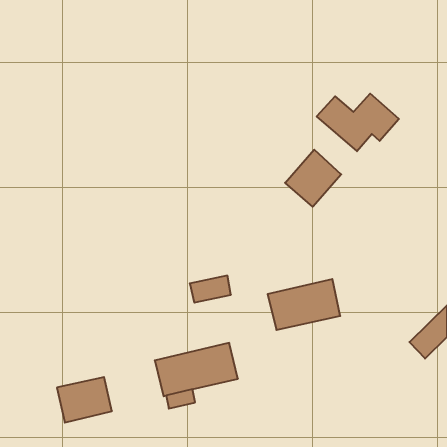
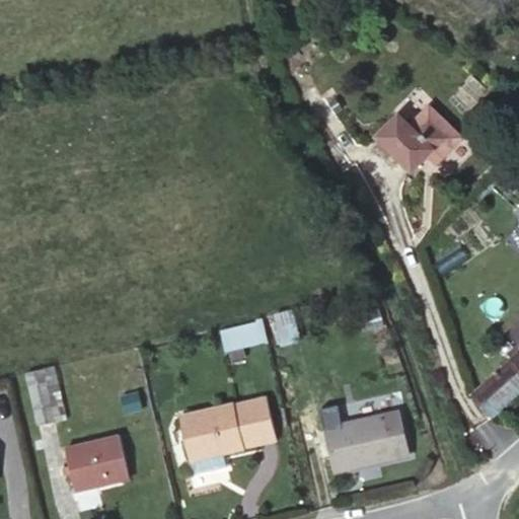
building: [285,150,341,207] -> none
building: [268,279,340,330] -> [325,412,410,470]
building: none -> [26,366,58,425]

